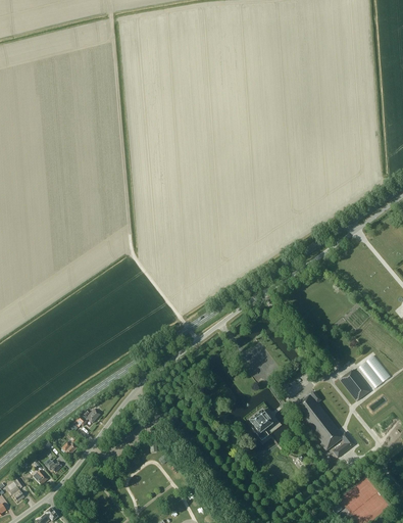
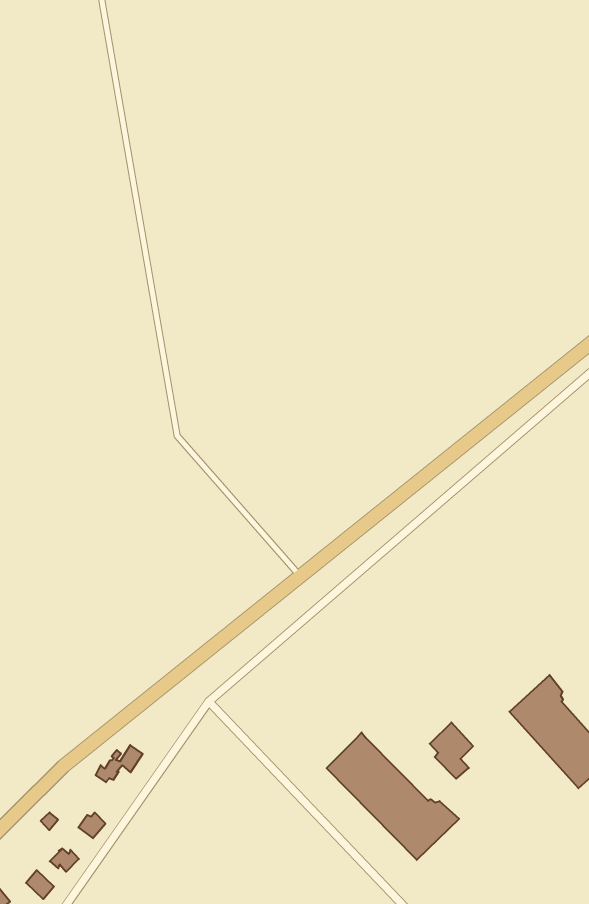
building: none -> [327,732,459,860]

